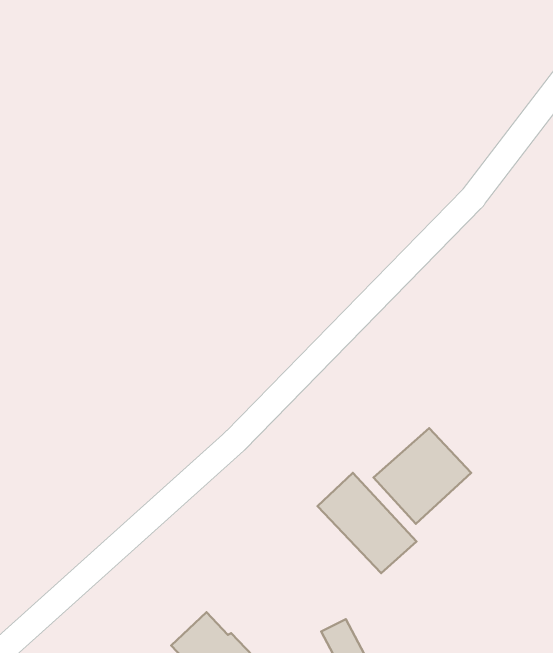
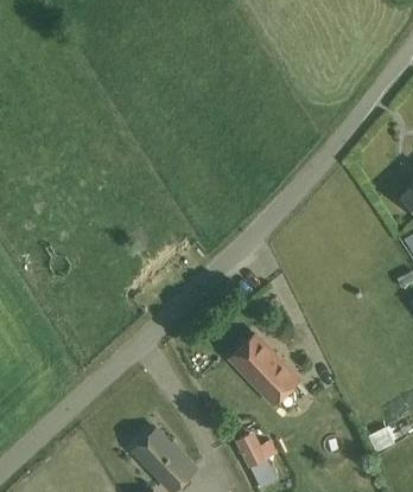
building: [374,428,471,524] -> none

